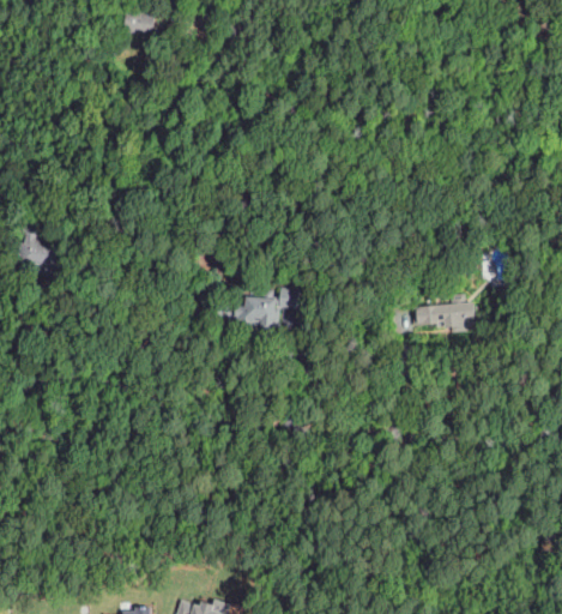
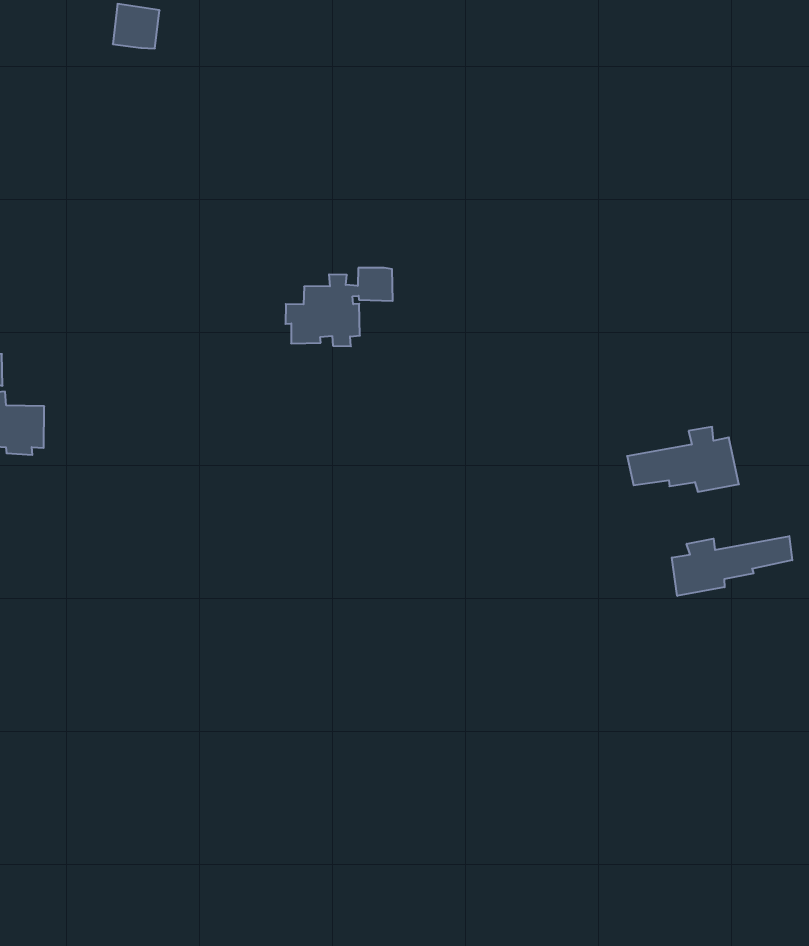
building: [234,288,301,335] -> [285,268,393,346]
building: none -> [672,536,792,596]

